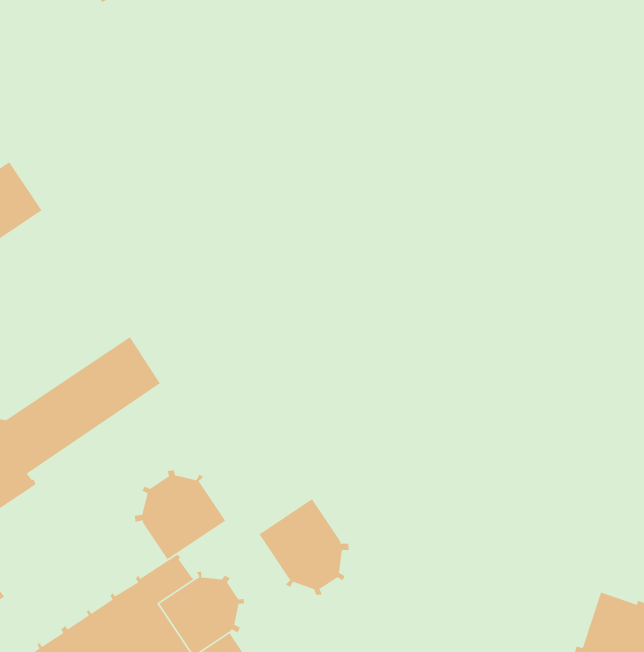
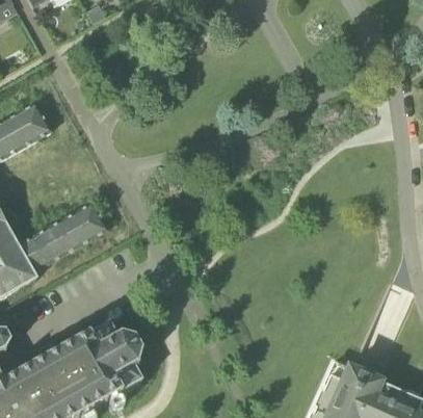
building: [134,469,226,560] -> none
building: [258,498,350,596] -> none

